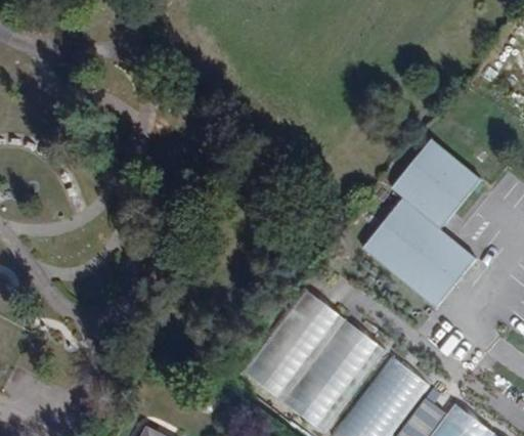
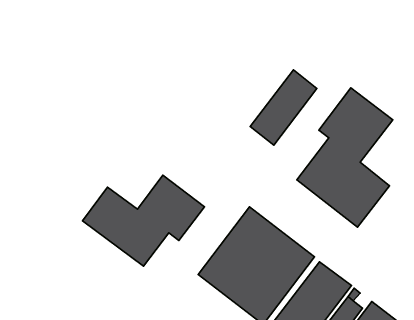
building: none -> [250,70,317,145]
building: none -> [83,175,204,266]

